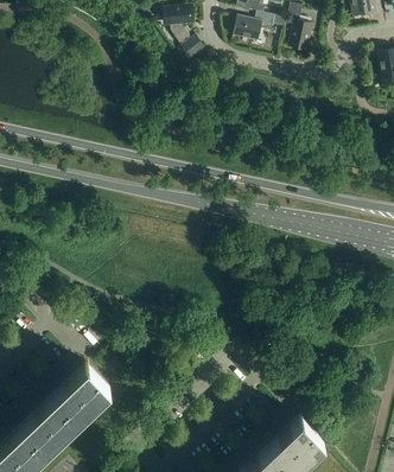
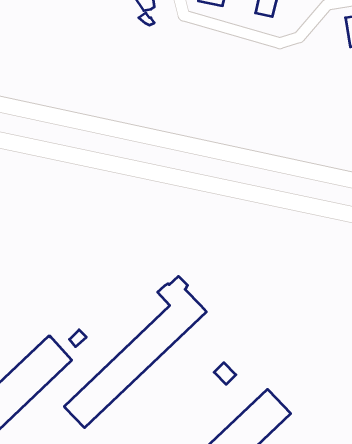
building: none -> [64,276,206,428]

